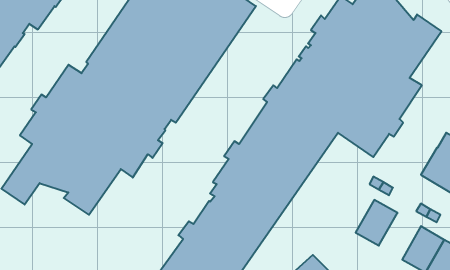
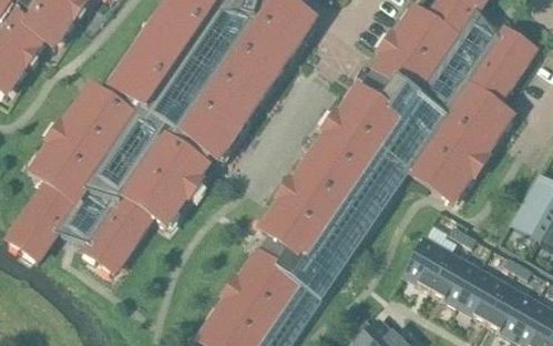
building: none -> [401,234,452,289]
building: none -> [458,266,508,322]

